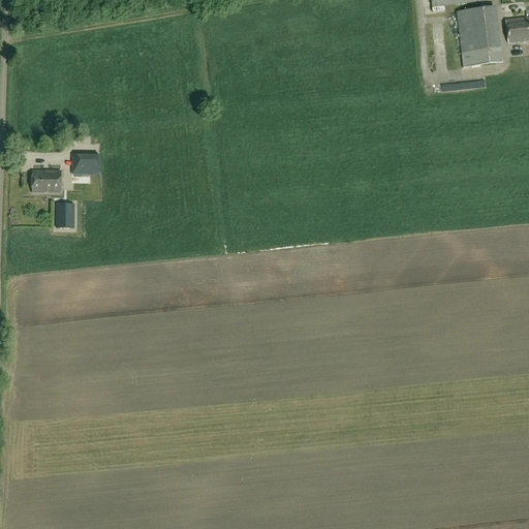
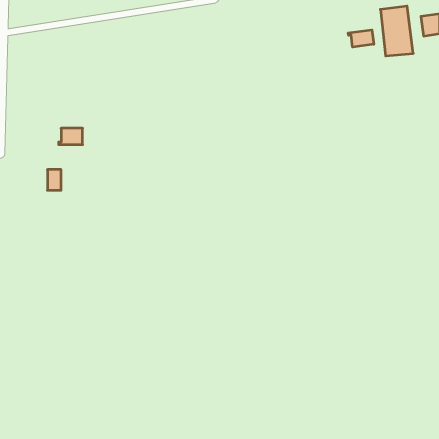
building: none -> [348,30,374,47]
building: [33,170,62,192] -> none

